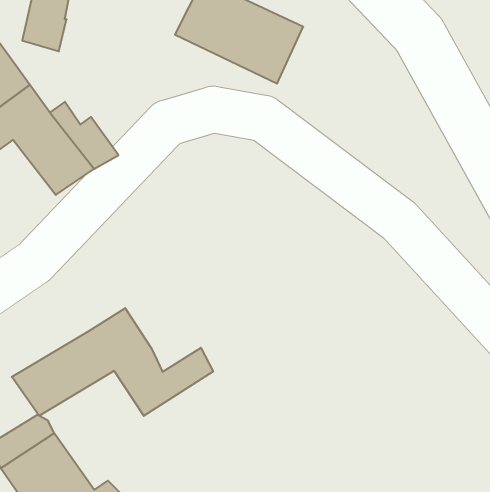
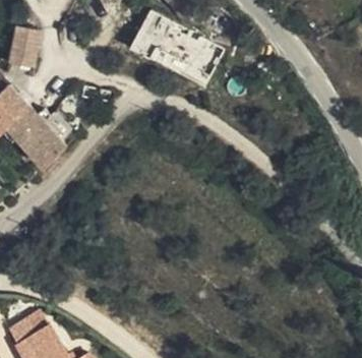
building: [12,308,213,416] -> none

